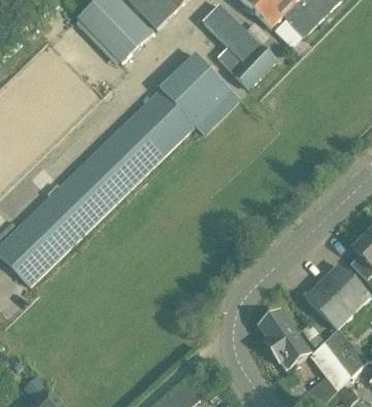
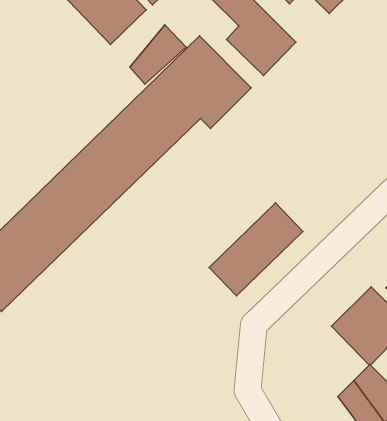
building: none -> [130,25,186,84]
building: none -> [209,203,303,296]
building: [260,310,309,369] -> none

